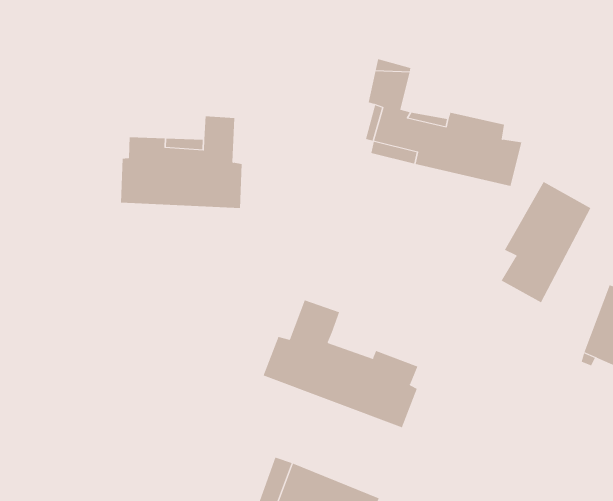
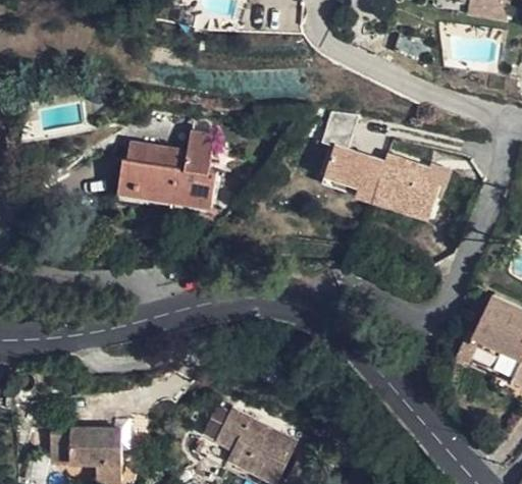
building: [501,181,591,303] -> none
building: [263,299,418,428] -> none

